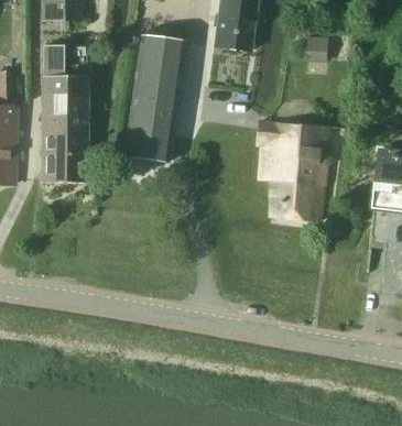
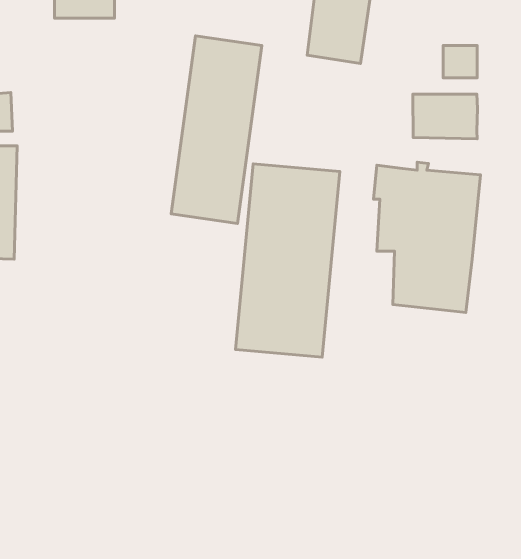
building: [43,44,87,182] -> none
building: none -> [413,94,478,139]
building: none -> [235,164,340,357]

